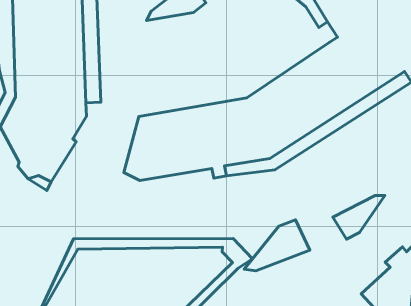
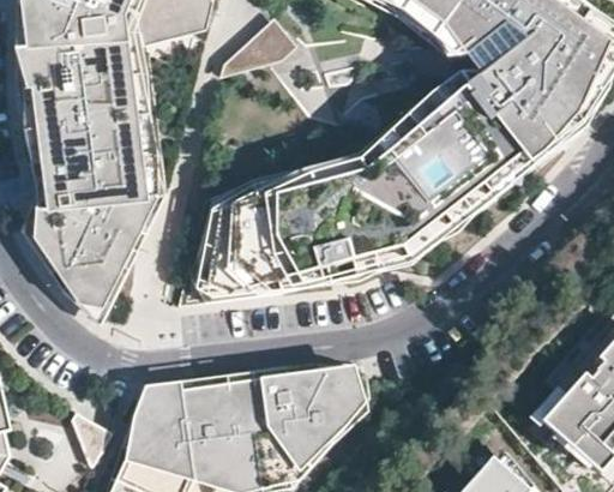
building: none -> [187,73,466,304]
building: [333,195,385,239] -> none
building: [244,220,310,271] -> none

